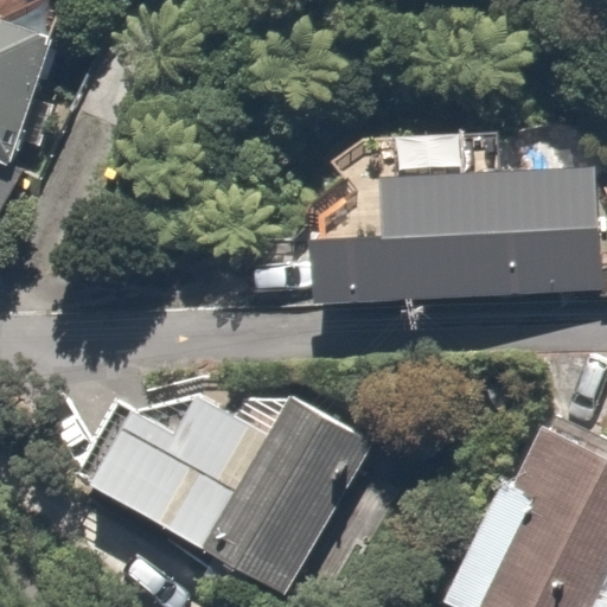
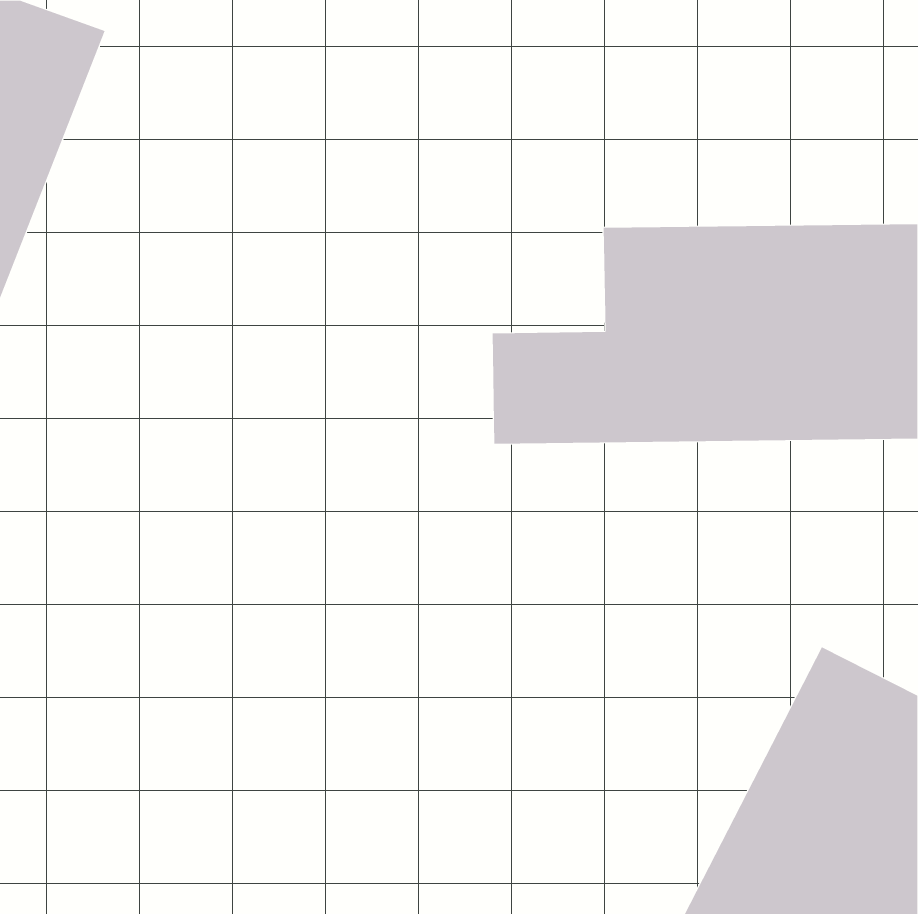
building: [91,397,268,550] -> none
building: [218,398,365,584] -> none

